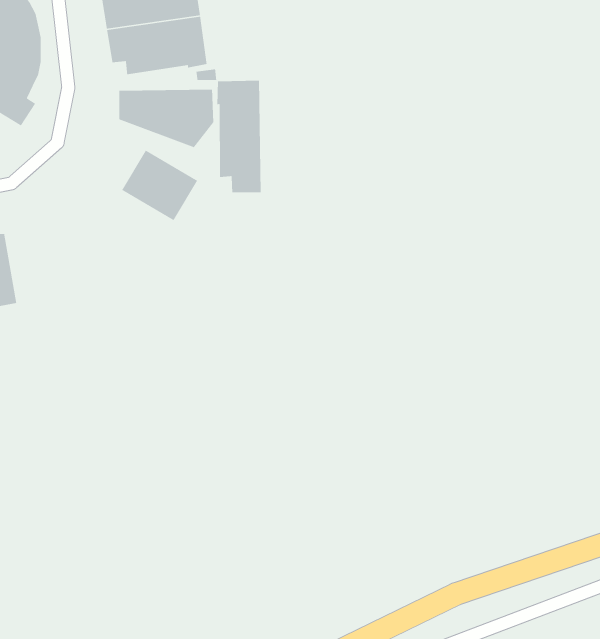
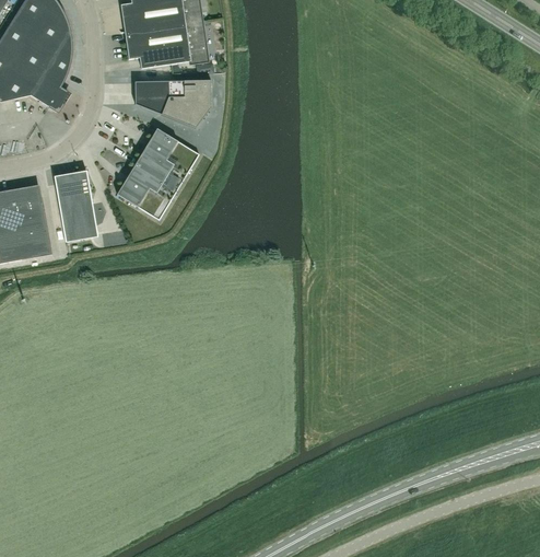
building: [216,80,261,193] -> none
building: none -> [117,160,179,218]
building: none -> [55,170,98,240]

